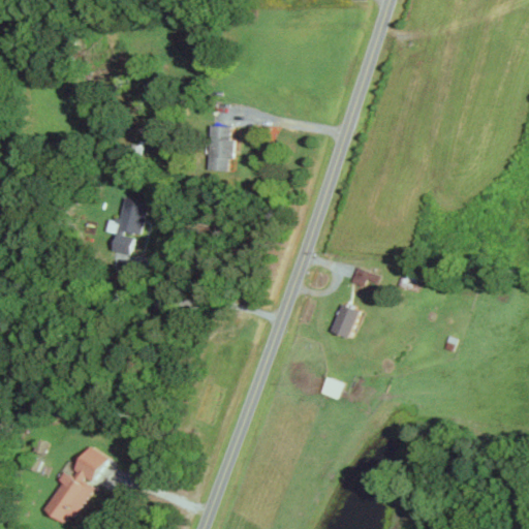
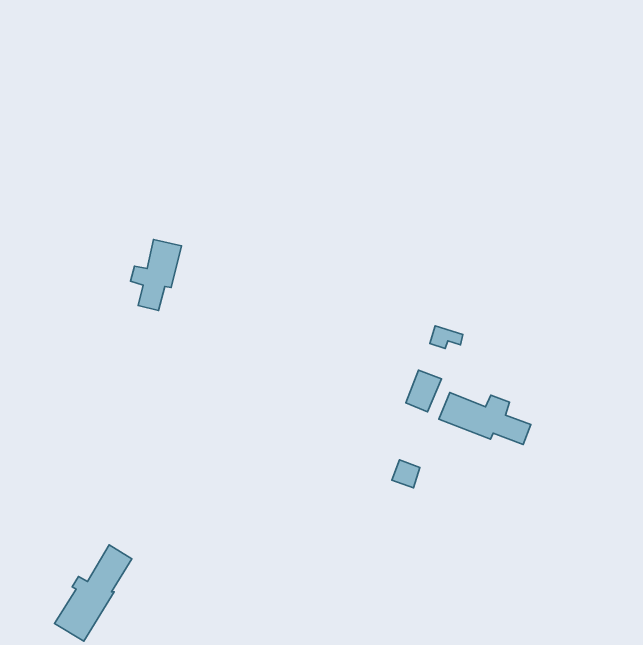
building: [209,125,232,170] -> none
building: none -> [439,392,531,444]

